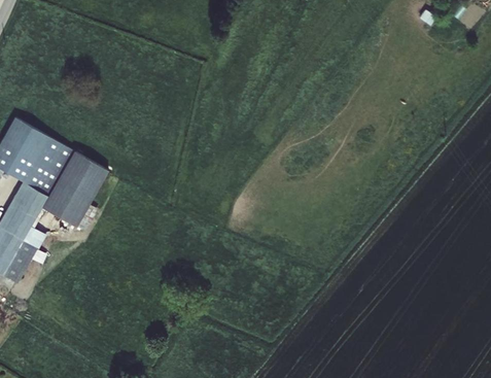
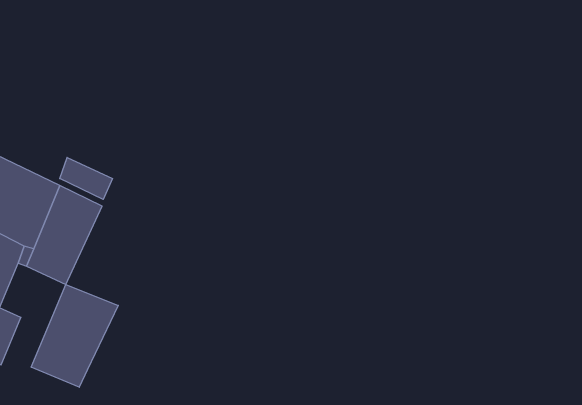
building: none -> [60,157,113,199]
building: none -> [31,284,118,387]

